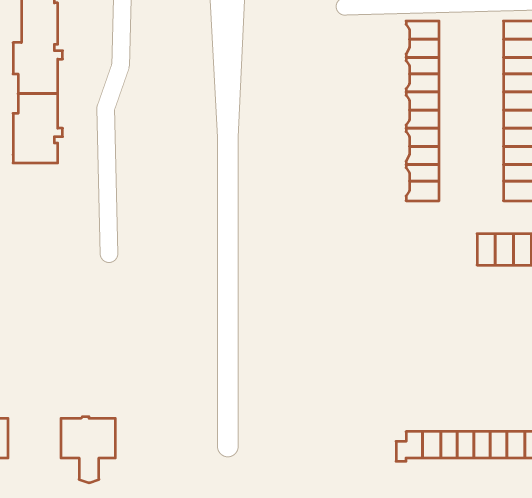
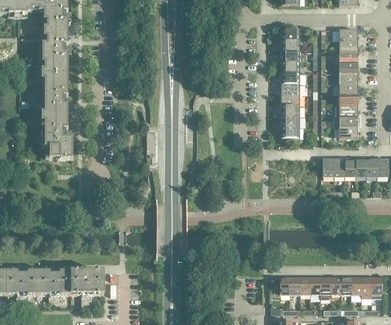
building: none -> [42,115,73,158]
building: none -> [39,269,71,303]

